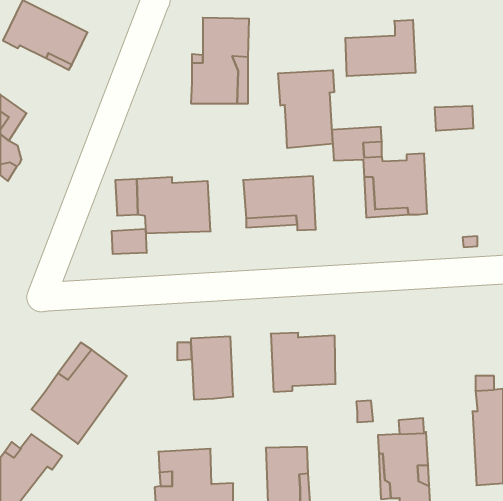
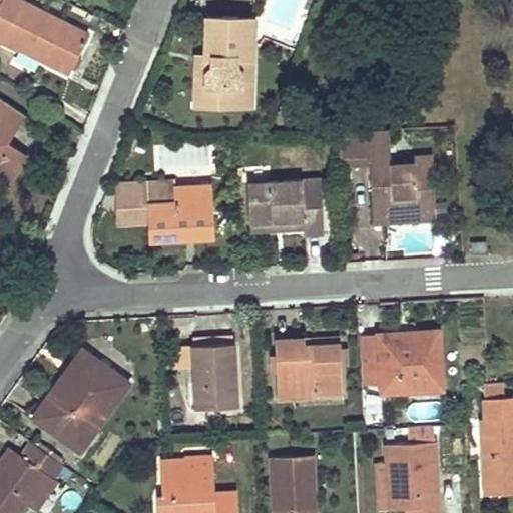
building: [346,20,416,76] -> none
building: [278,70,334,148] -> none
building: [435,106,473,131] -> none
building: [112,229,147,254] -> none
building: none -> [358,331,443,394]

